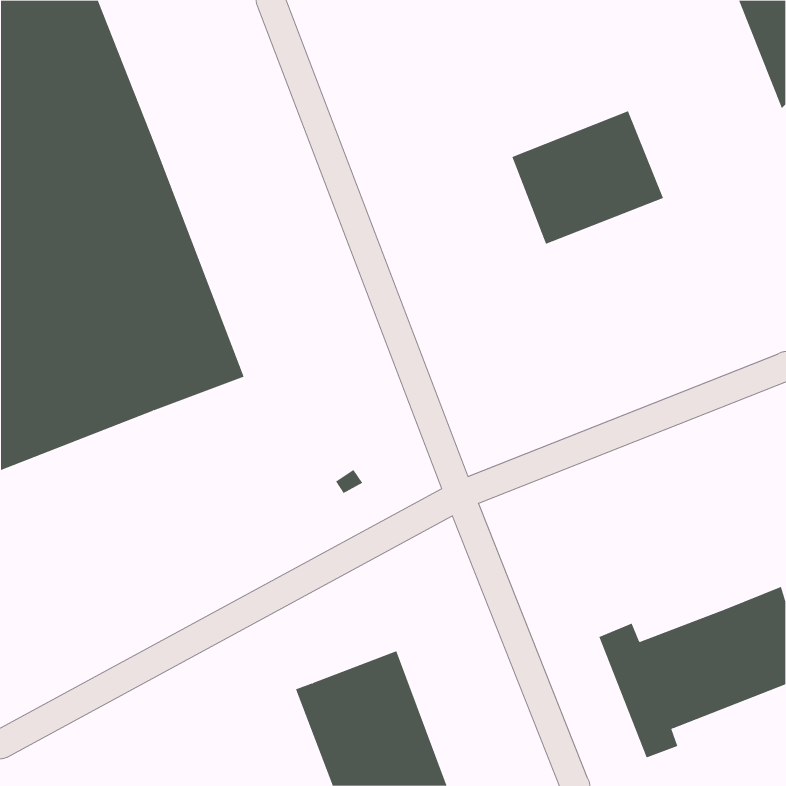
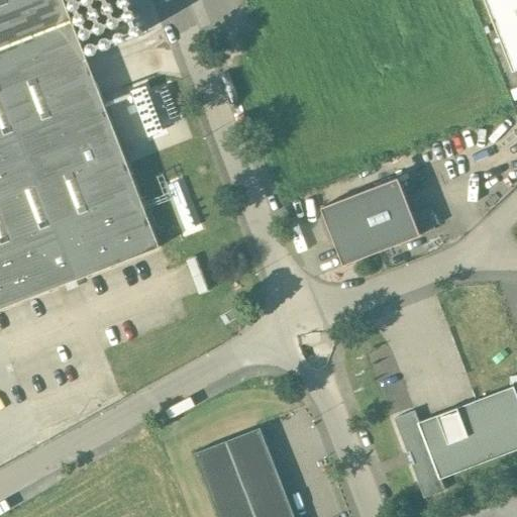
building: [512,111,664,244] -> [321,177,421,265]

